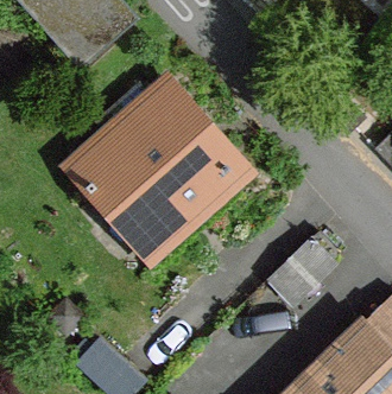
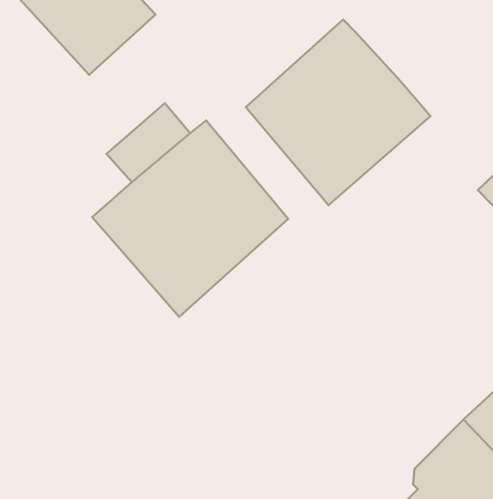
building: none -> [246,19,430,205]

